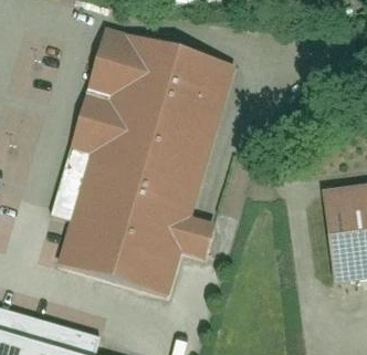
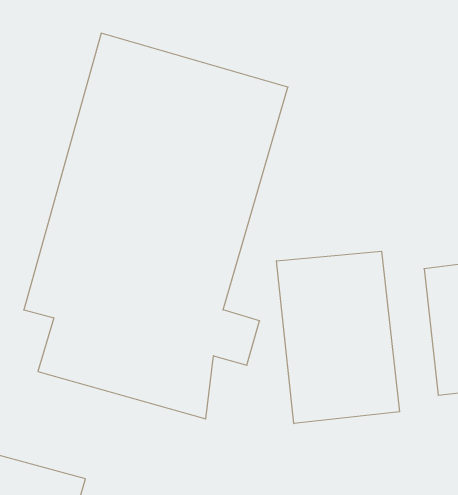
building: none -> [277,251,400,424]

